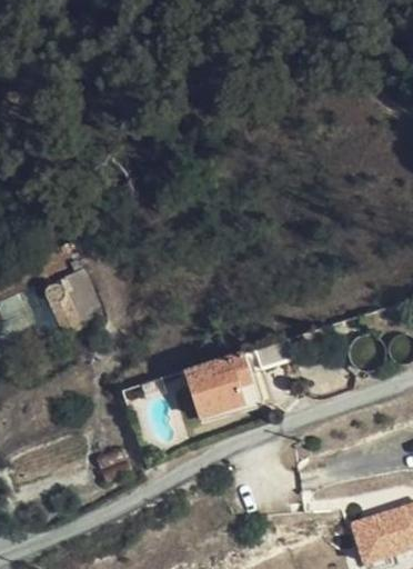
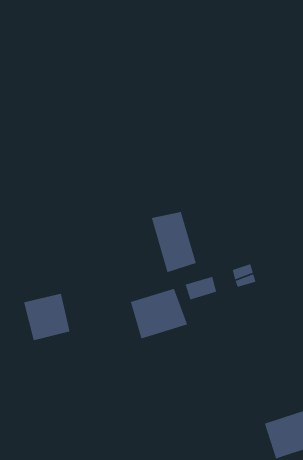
building: none -> [151,211,197,273]
building: [46,270,103,329] -> [23,293,70,341]

